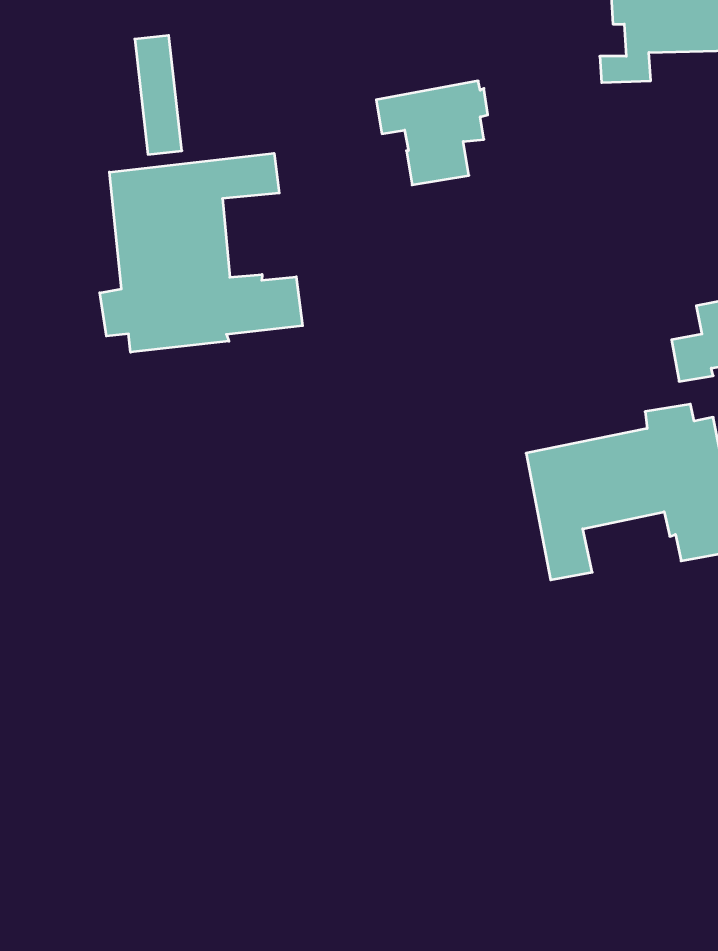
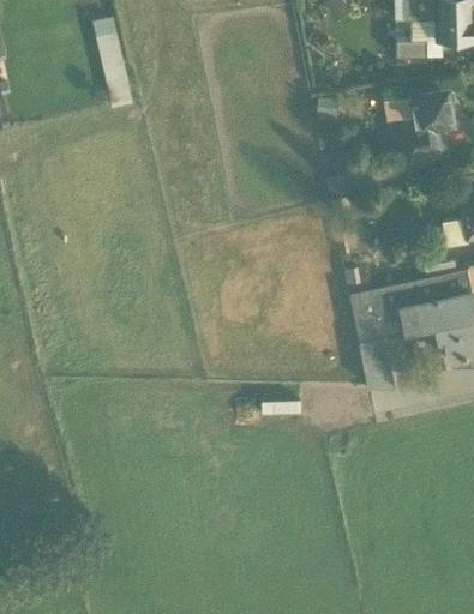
building: [376,81,488,185] -> [386,92,457,158]
building: [100,153,303,352] -> none

